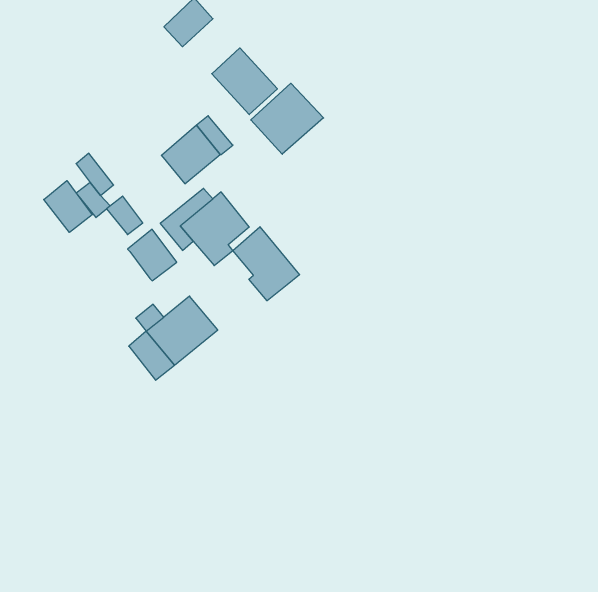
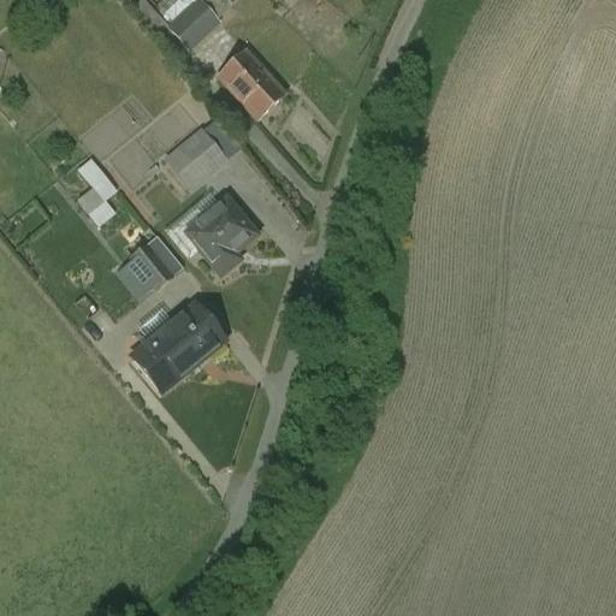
building: [251,83,324,154] -> none
building: [44,181,92,232] -> none
building: [106,196,143,235] -> [117,259,154,298]
building: [233,227,300,301] -> none

